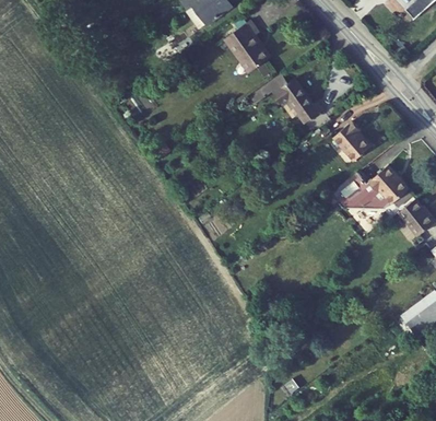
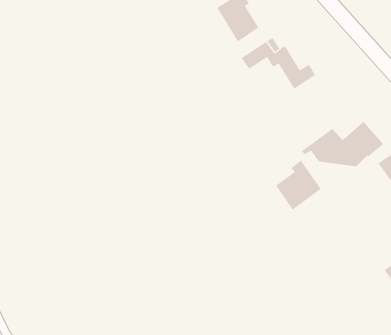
building: [330,118,365,157] -> none
building: none -> [275,160,321,210]

